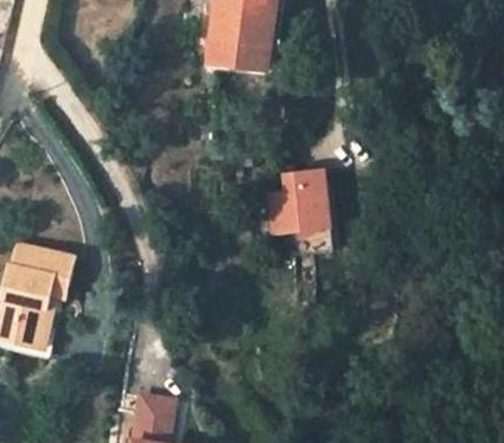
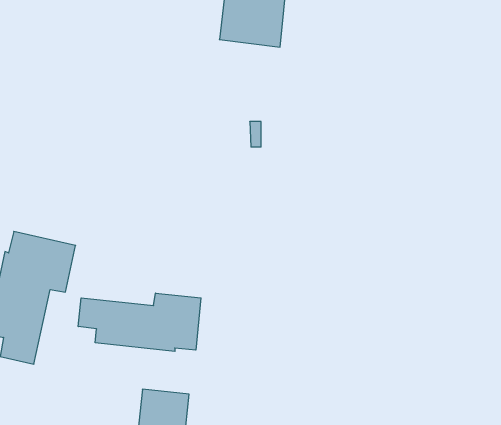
building: [267,172,331,256] -> none
building: none -> [78,293,201,351]

